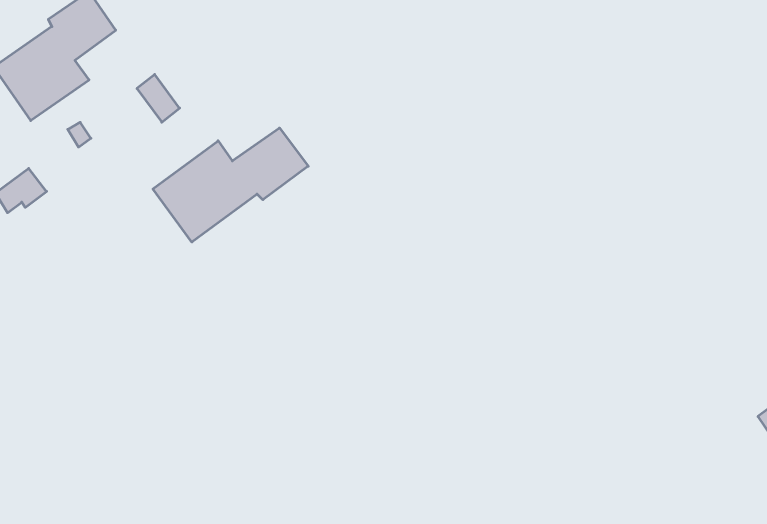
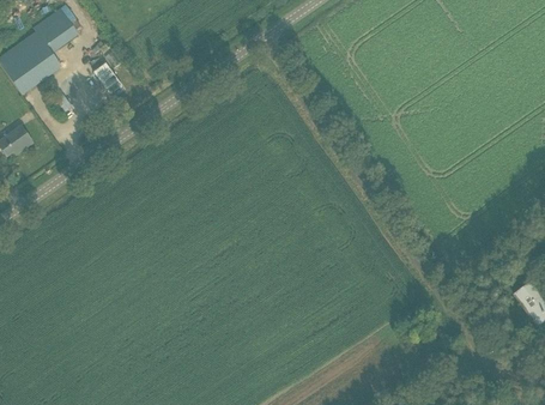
building: [153,128,308,242] -> none

